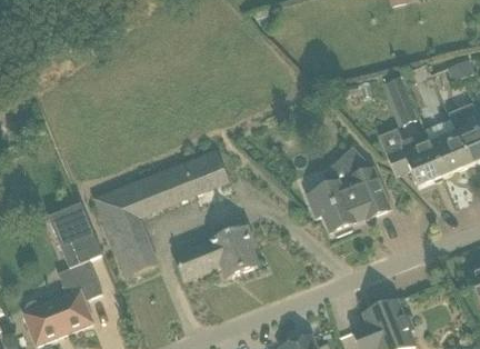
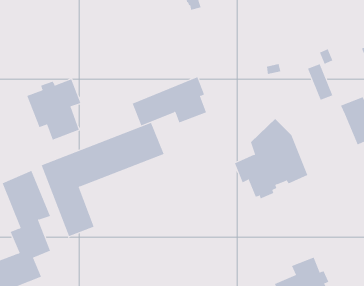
building: none -> [26,79,81,141]
building: [379,128,444,186] -> none
building: [174,225,258,280] -> [132,76,207,126]

